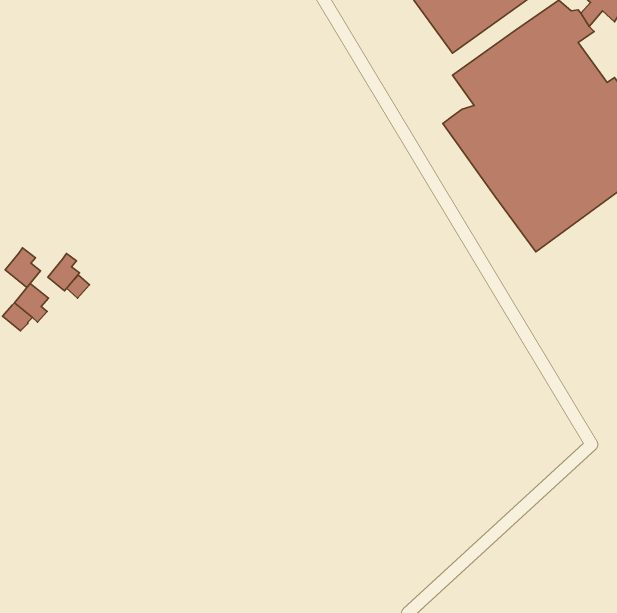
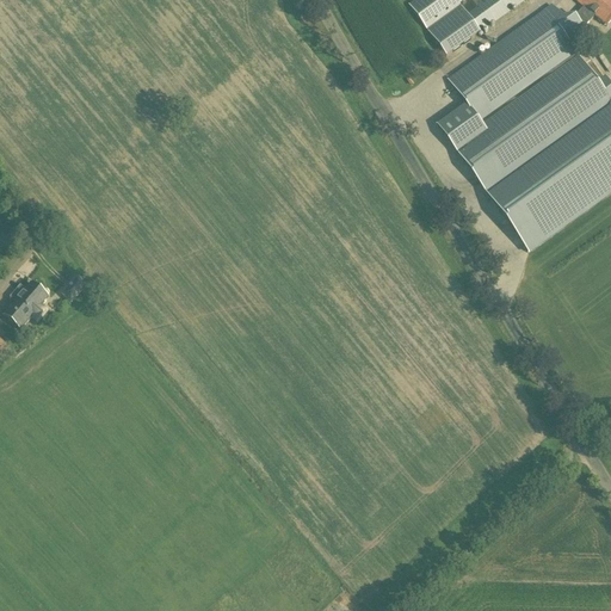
building: [5,248,41,288] -> none
building: [48,253,79,291] -> none

